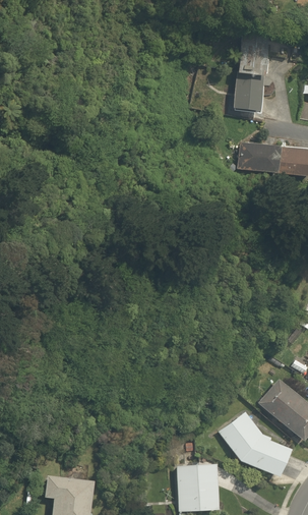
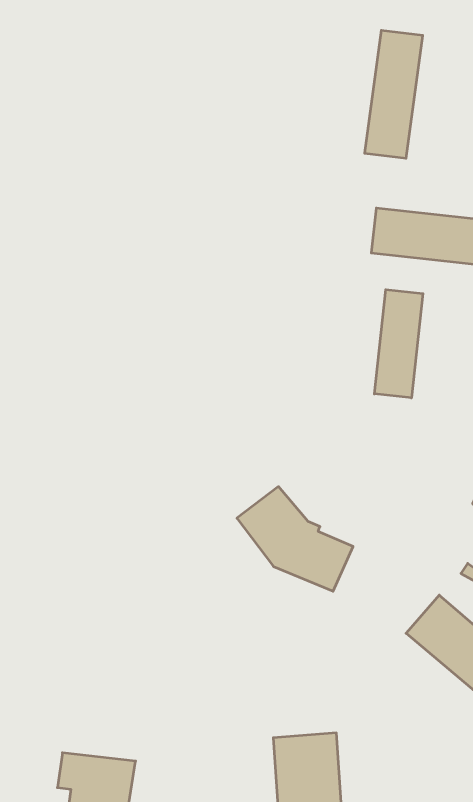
building: none -> [374,290,423,398]
building: [220,412,291,476] -> [237,487,353,591]

